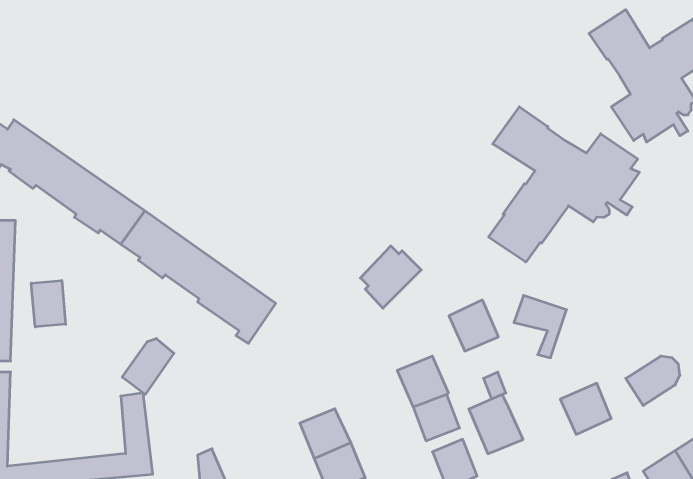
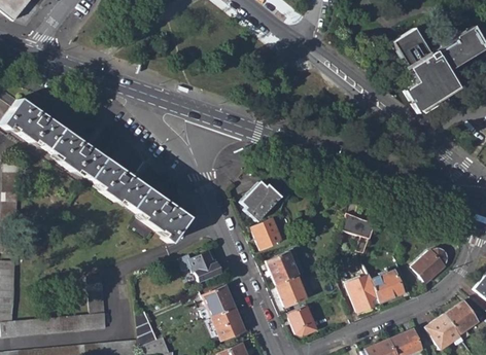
building: [489,107,639,262] -> none
building: [31,280,66,327] -> none
building: [449,300,498,351] -> [250,217,282,250]
building: [122,338,174,394] -> none
building: none -> [178,251,220,281]
building: [469,395,523,454] -> [345,273,380,311]

